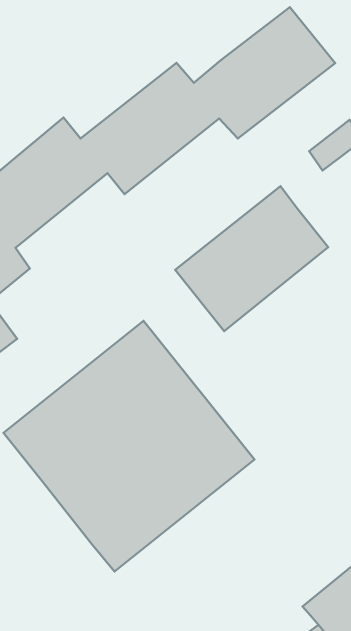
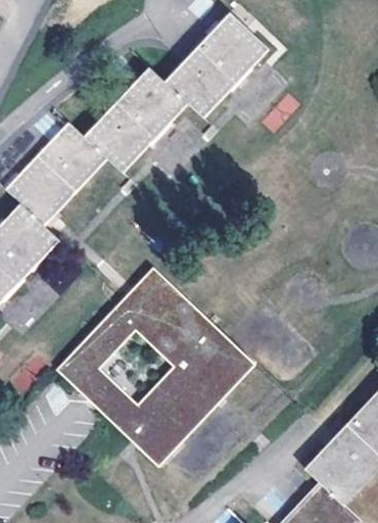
building: [175,186,328,331] -> none

